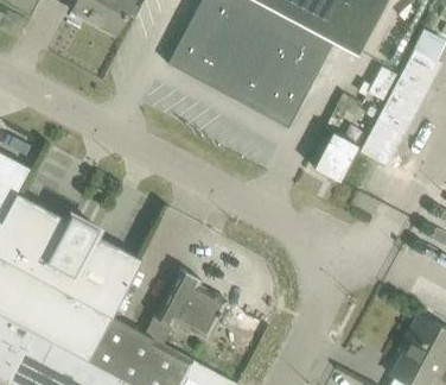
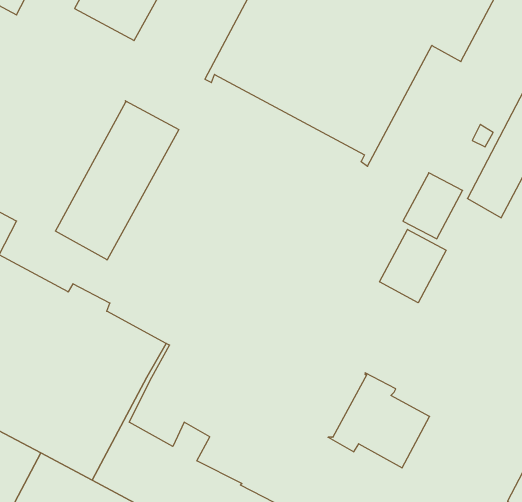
building: none -> [55,101,179,260]
building: none -> [380,229,446,303]
building: [152,270,227,340] -> [328,373,430,468]

